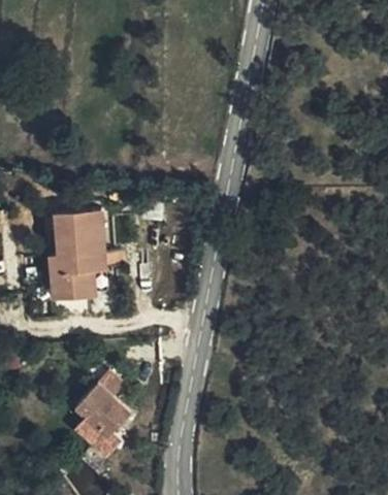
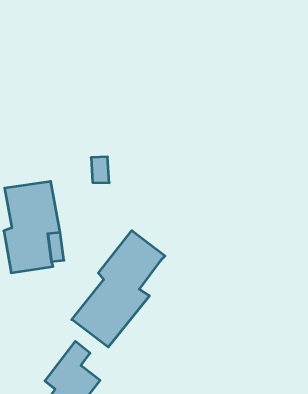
building: none -> [72,231,165,347]

